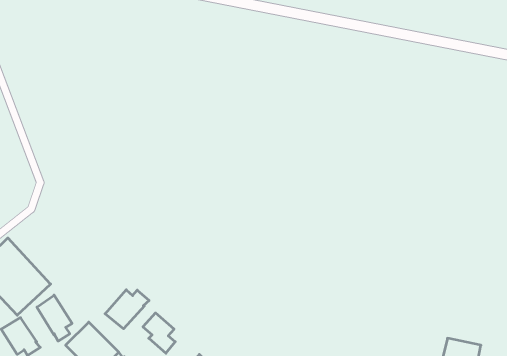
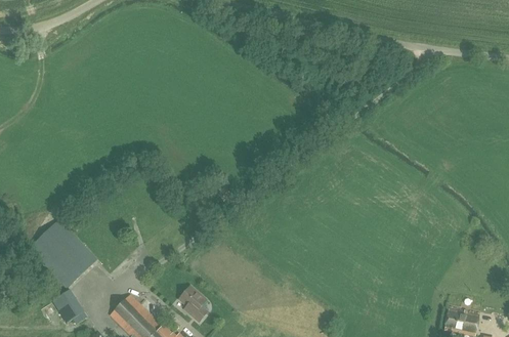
building: [105,290,149,329] -> none
building: [37,295,72,341] -> none

